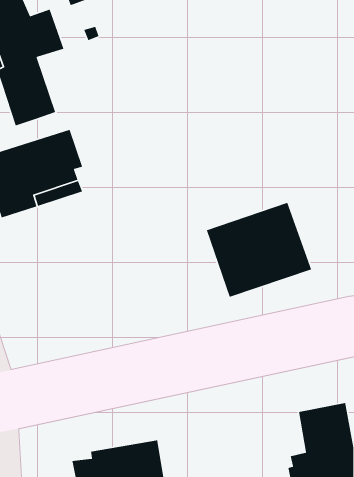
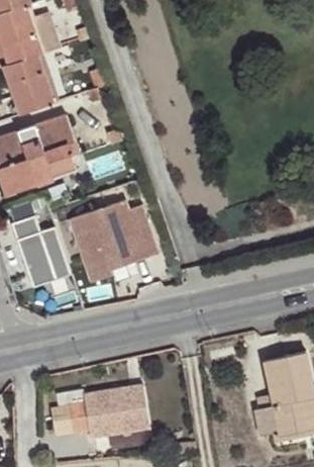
building: [206,202,312,298] -> [70,194,162,277]
building: none -> [12,211,72,285]

